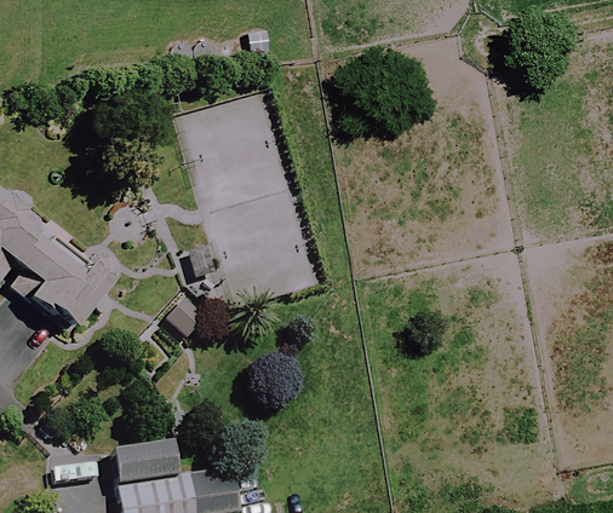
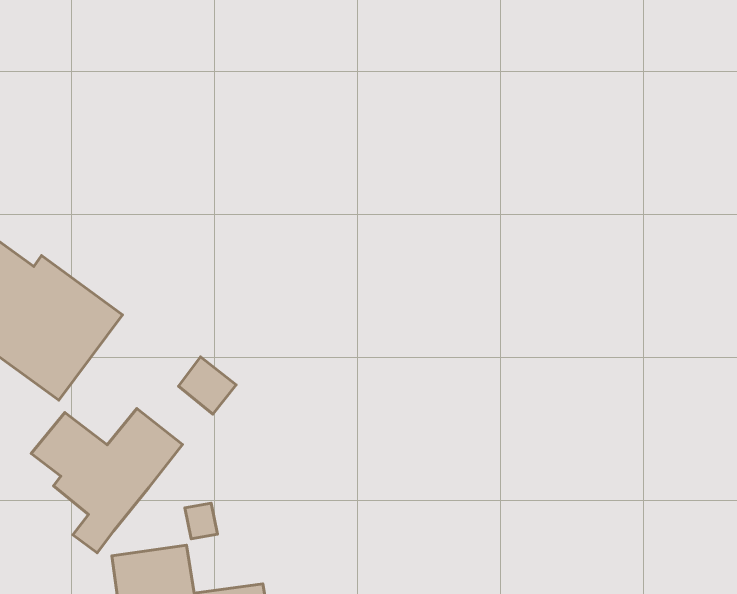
building: none -> [31,408,182,553]

